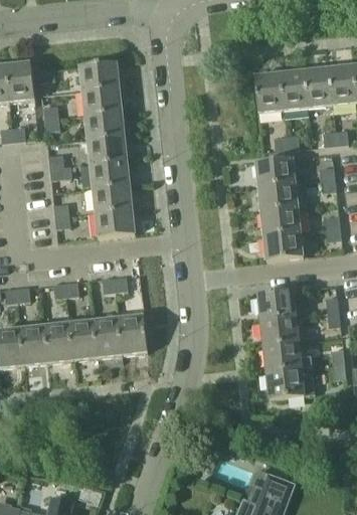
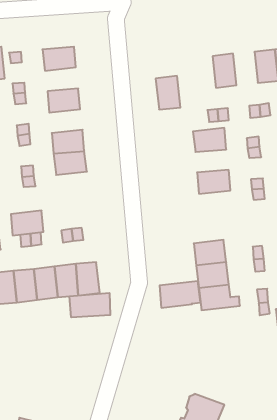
building: [303,67,332,107] -> none
building: [253,72,283,112] -> [156,76,180,109]
building: [81,85,121,114] -> none
building: [86,135,126,163] -> none
building: [258,182,298,209] -> none
building: [95,208,133,237] -> [11,211,43,235]
building: [262,230,302,259] -> none
building: none -> [70,293,110,317]
building: [265,366,314,397] -> [160,281,201,308]

